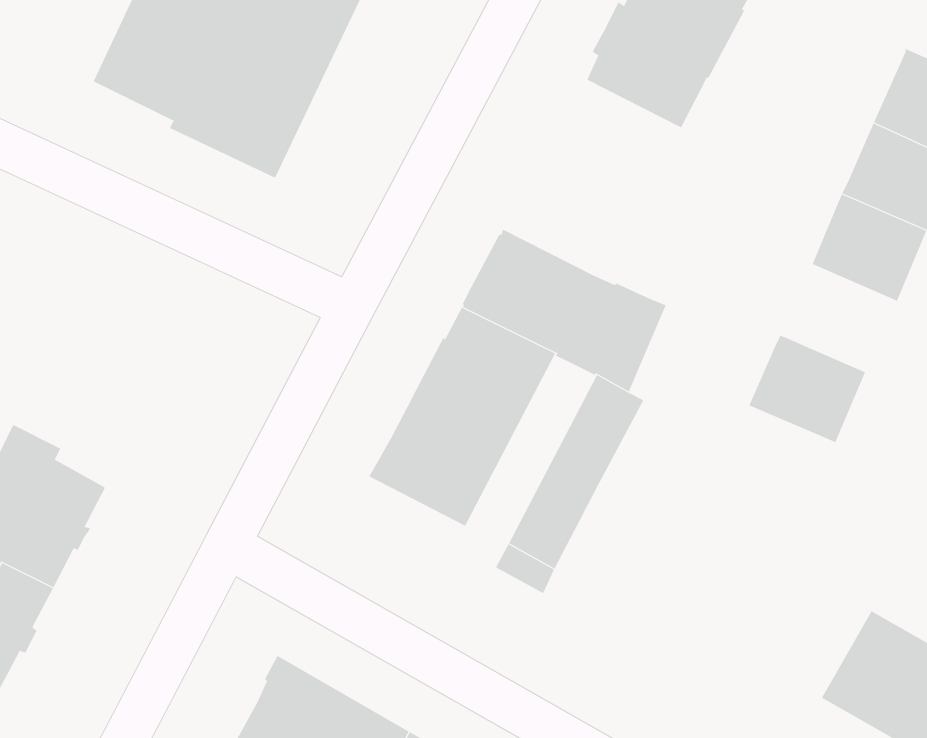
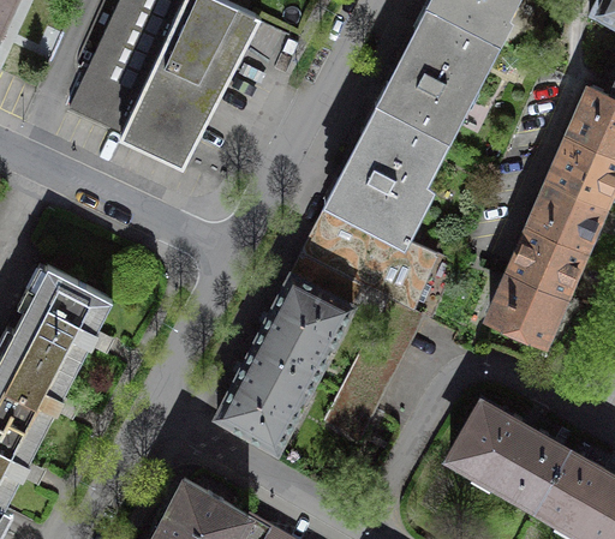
building: none -> [329,108,446,248]
building: none -> [509,227,585,297]
building: none -> [14,266,113,371]
building: none -> [217,364,306,451]
building: none -> [450,401,568,507]

